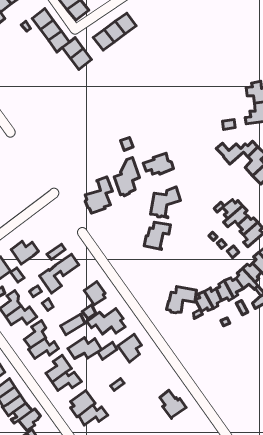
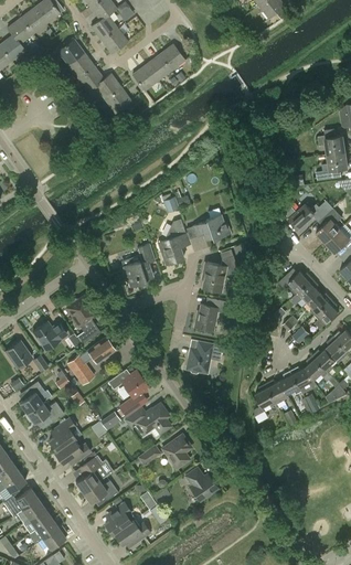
building: none -> [66,297,96,327]
building: [167,287,197,313] -> [185,342,222,374]
building: [68,337,102,358] -> none
building: [160,390,186,418] -> [185,468,217,502]

